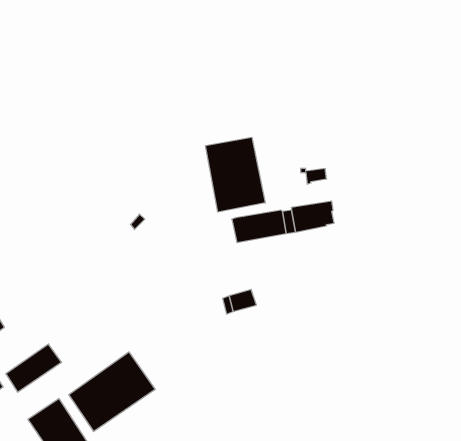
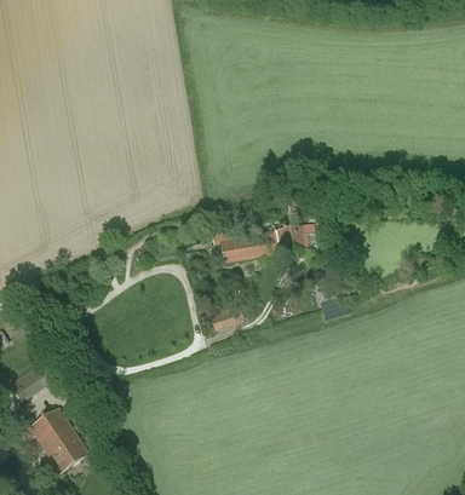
building: [206,137,265,212] -> none
building: [69,352,155,432] -> none

